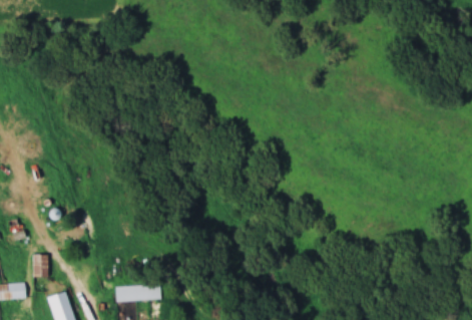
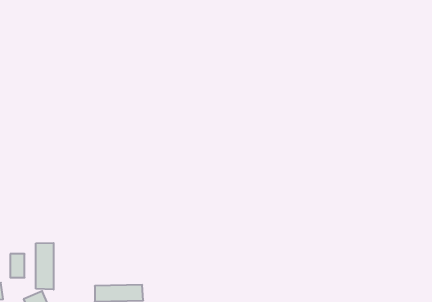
building: none -> [36,243,54,290]

